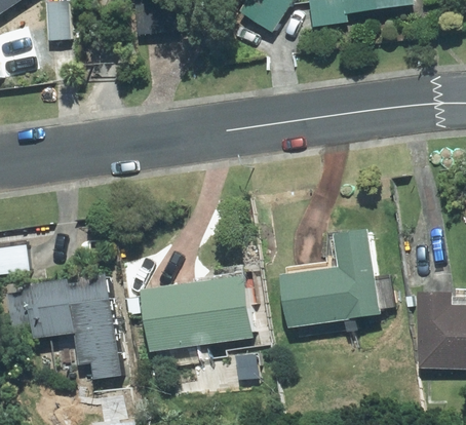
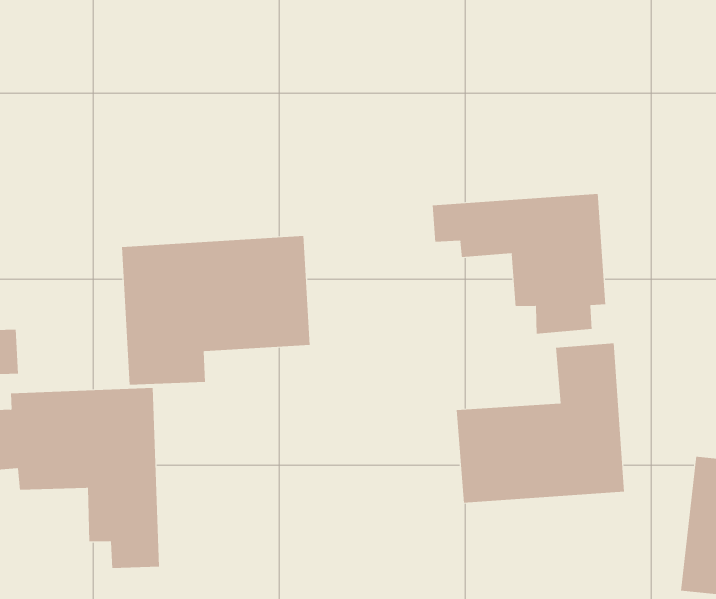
building: none -> [432,193,606,334]
building: [141,275,254,369] -> [121,235,310,385]

